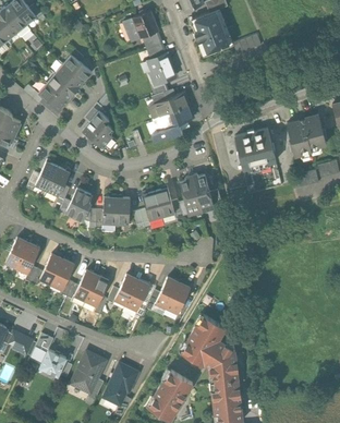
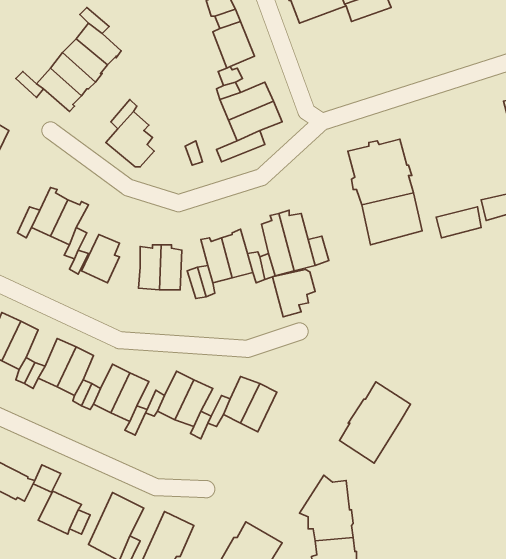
building: [287,114,327,160] -> none
building: none -> [272,269,315,317]
building: [181,315,226,366] -> [339,382,410,463]

